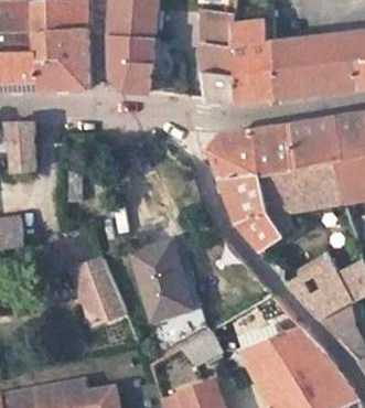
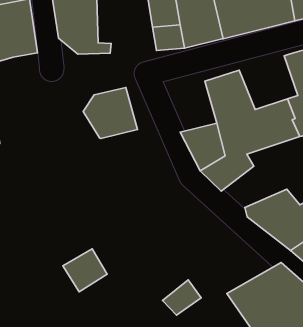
building: [288,118,344,169] -> none
building: [205,133,258,182] -> [83,88,138,139]
building: [135,244,200,353] -> none
building: [72,262,115,302] -> none

